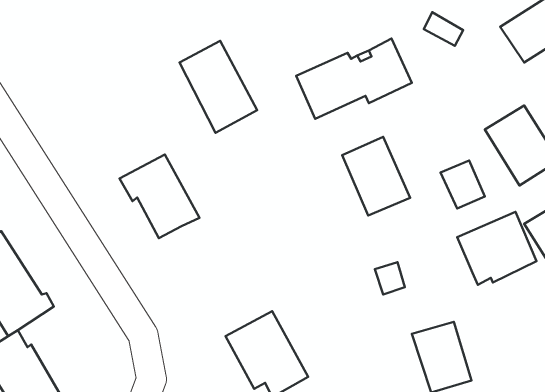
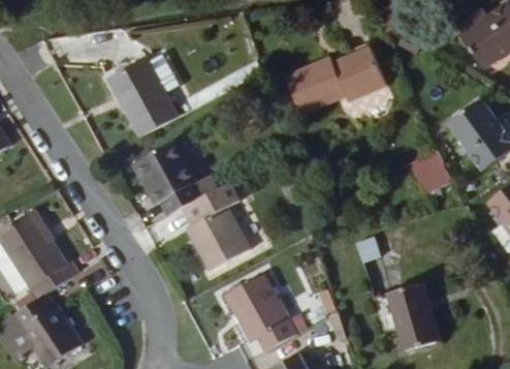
building: [180,41,257,133] -> [109,56,177,135]
building: [342,137,410,216] -> none
building: none -> [187,183,248,270]
building: [457,212,537,285] -> none

